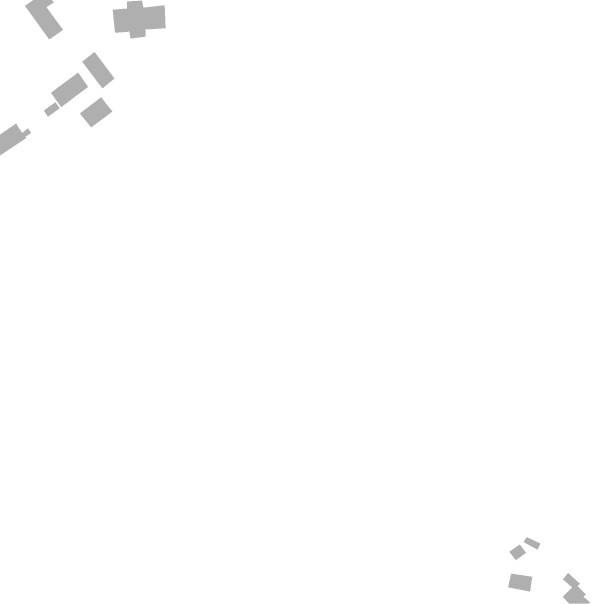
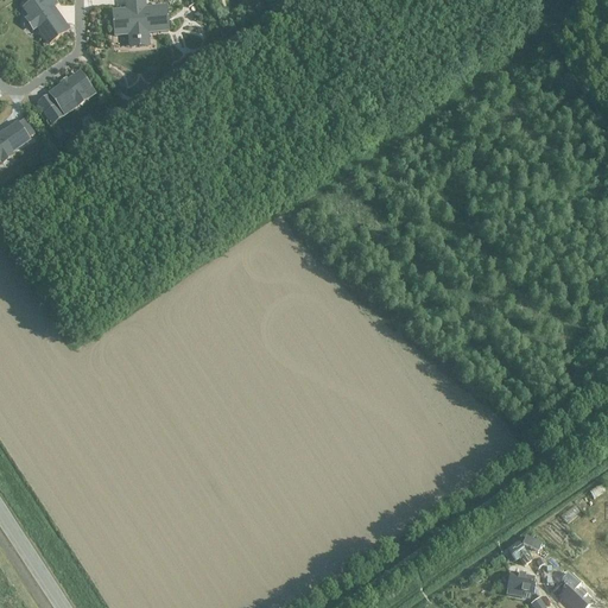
building: [81,51,116,90] -> none
building: [79,96,114,129] -> none

